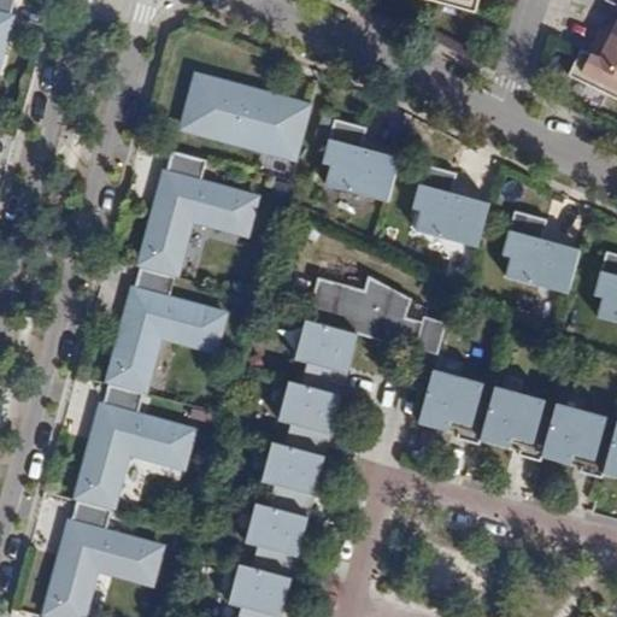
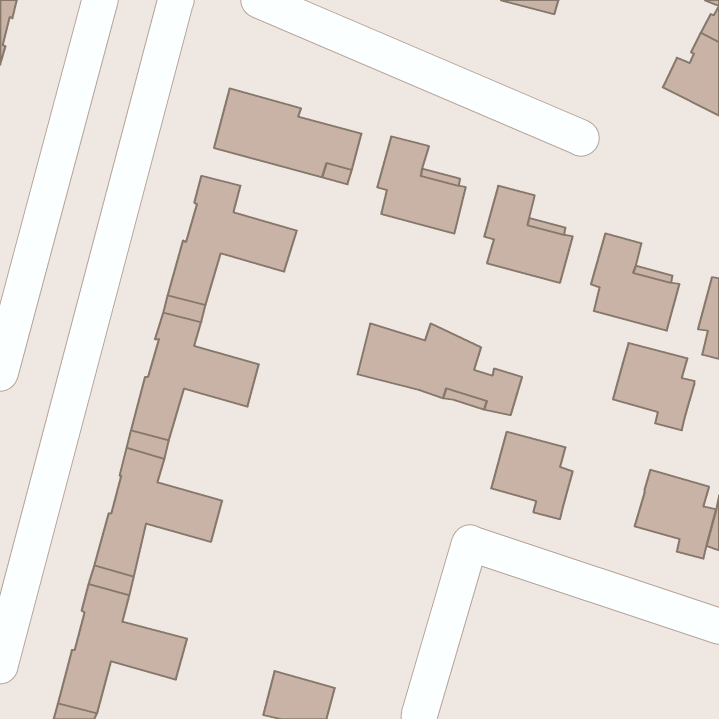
building: [289,328,355,382] -> none
building: [482,387,552,462] -> [613,343,695,430]
building: [272,390,339,445] -> none
building: [253,451,321,506] -> none
building: [237,511,302,566] -> none

